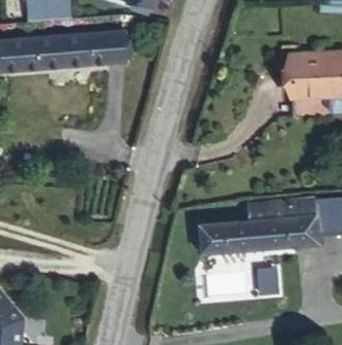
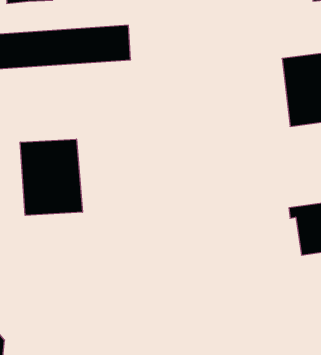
building: none -> [20,139,82,215]
building: [189,200,292,257] -> none

